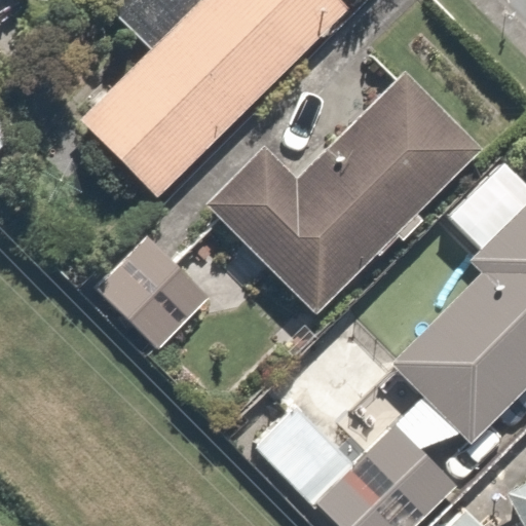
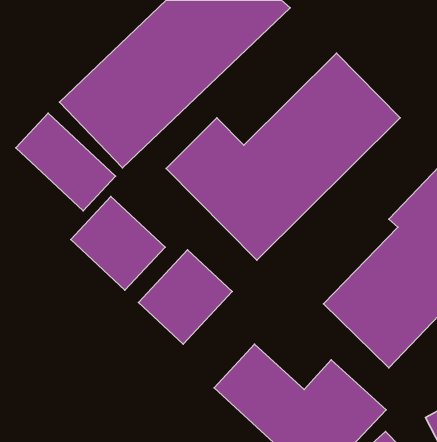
building: none -> [16,113,116,211]
building: none -> [139,250,232,344]

